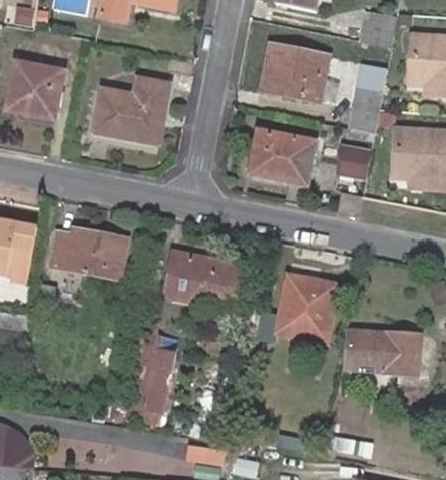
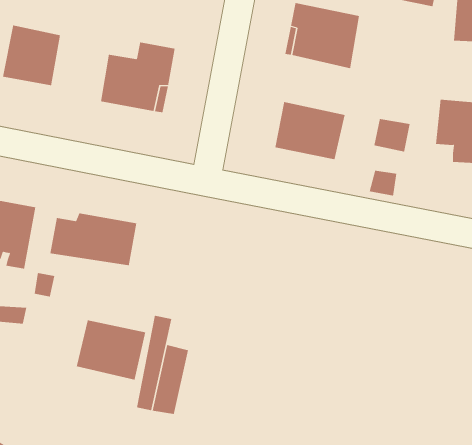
building: [349,62,387,131] -> none
building: [163,252,239,303] -> none
building: [254,274,337,341] -> none
building: none -> [76,319,146,381]
building: [346,326,421,374] -> none

